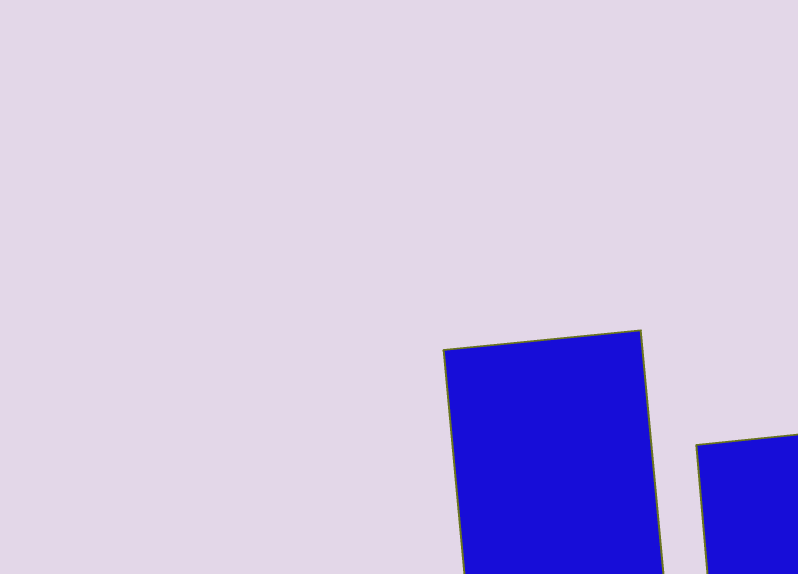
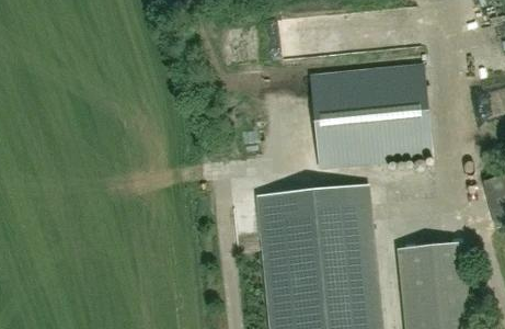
building: none -> [310,65,431,168]

